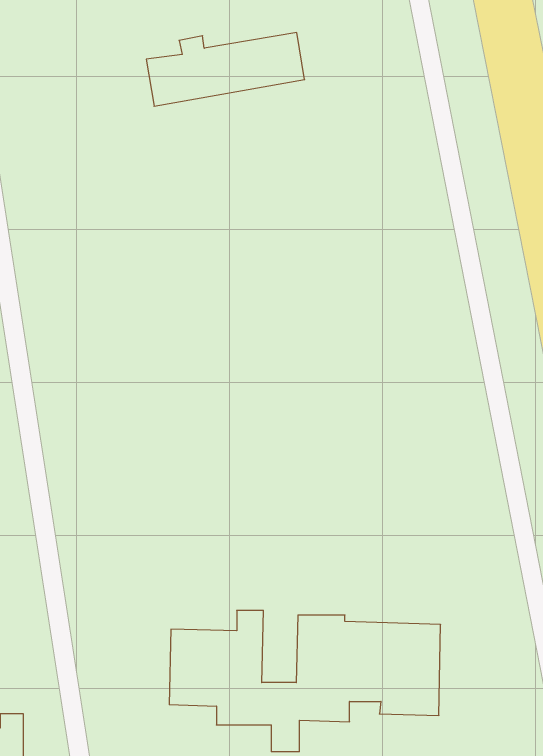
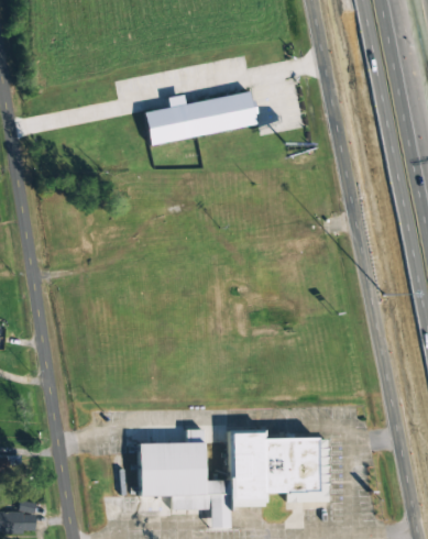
building: [146,33,305,106] -> [143,92,254,144]

